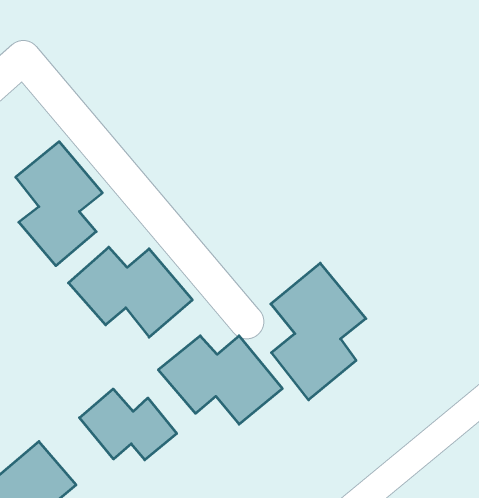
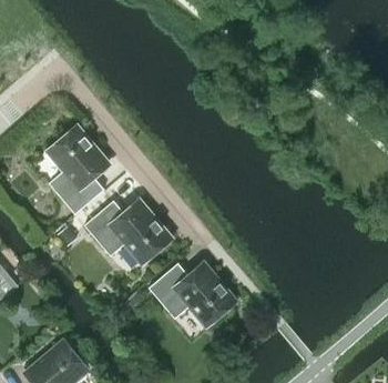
building: [271,263,366,400] -> none
building: [79,389,177,460] -> none

